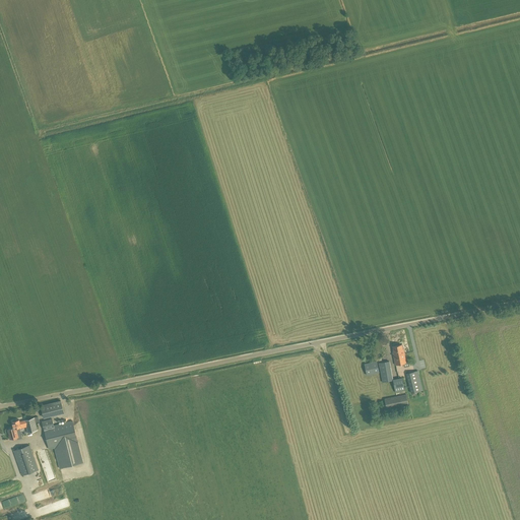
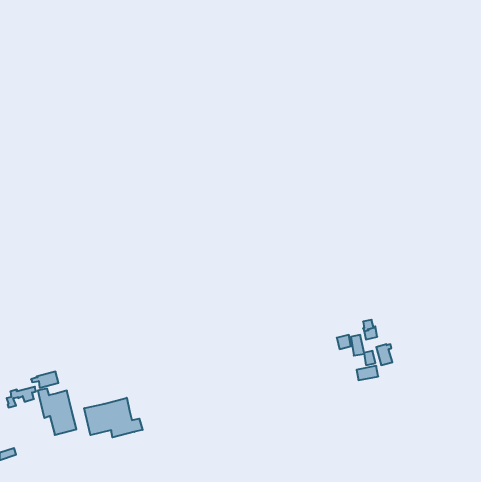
building: none -> [84,398,143,437]
building: [13,446,37,475] -> none

